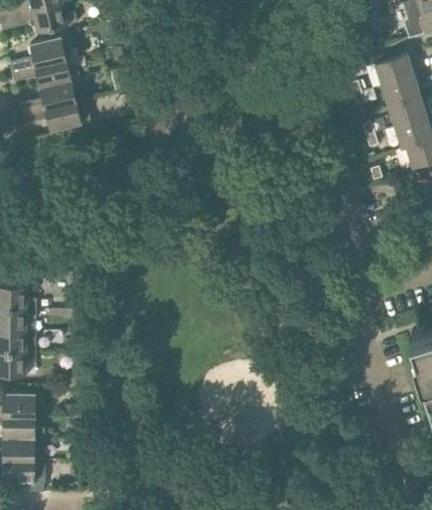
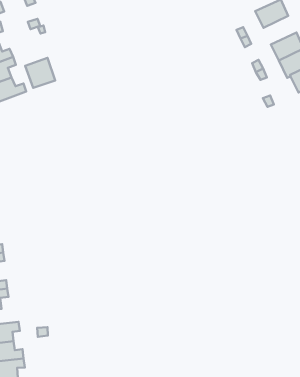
building: [382,75,420,107] -> none
building: none -> [25,58,55,88]

